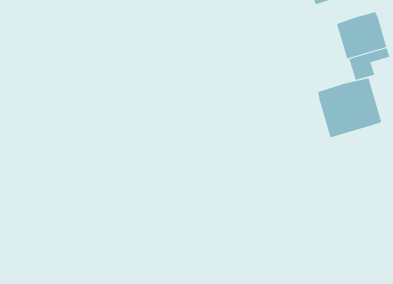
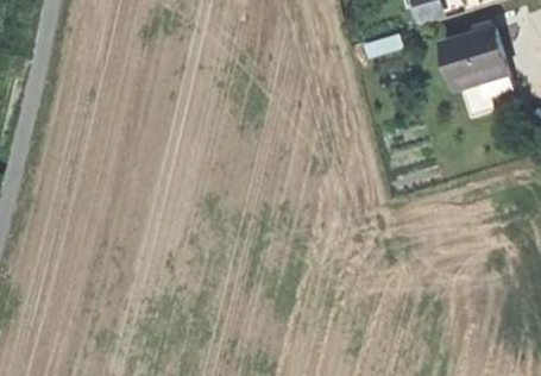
building: [318,77,382,138] -> none

